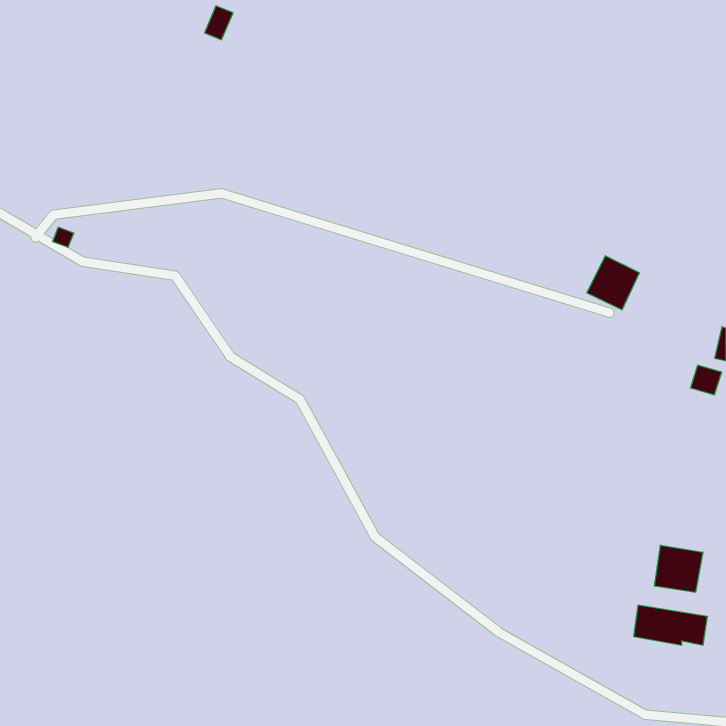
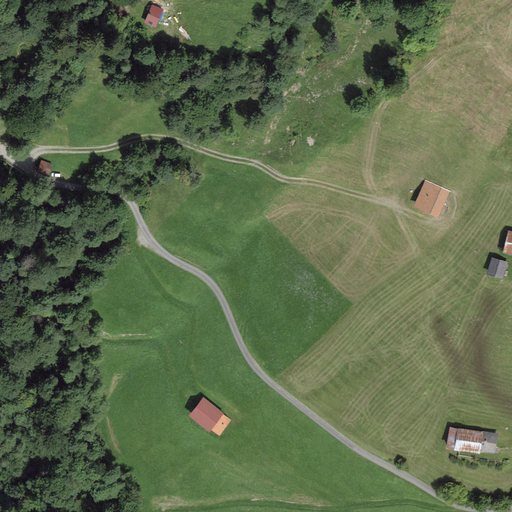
building: [654,545,703,592] -> none
building: none -> [189,397,231,435]

